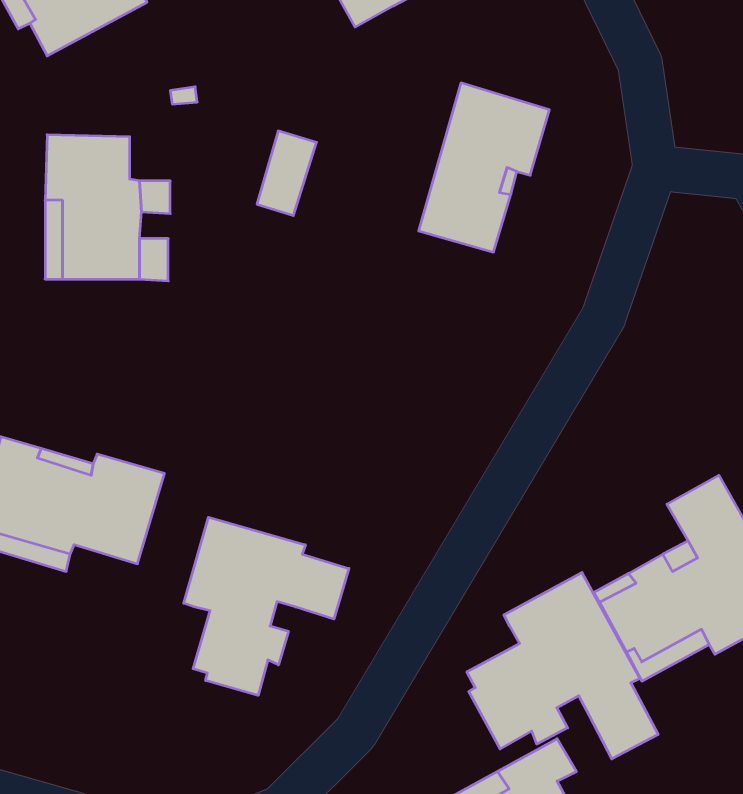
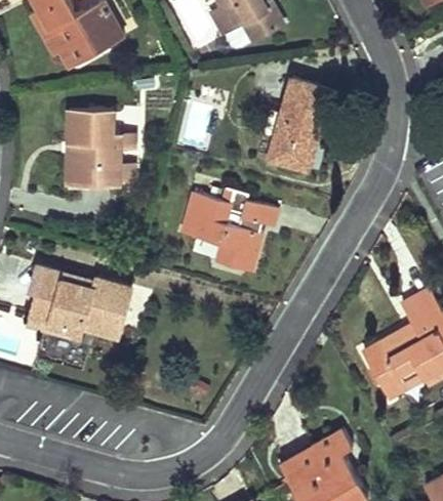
building: none -> [182,190,280,272]
building: [184,517,349,695] -> none
building: [467,572,658,759] -> none

